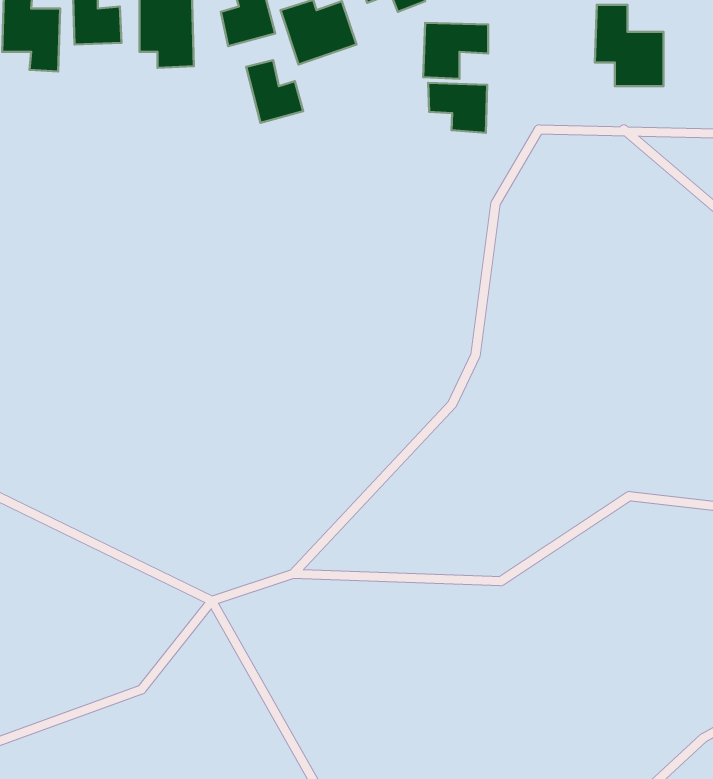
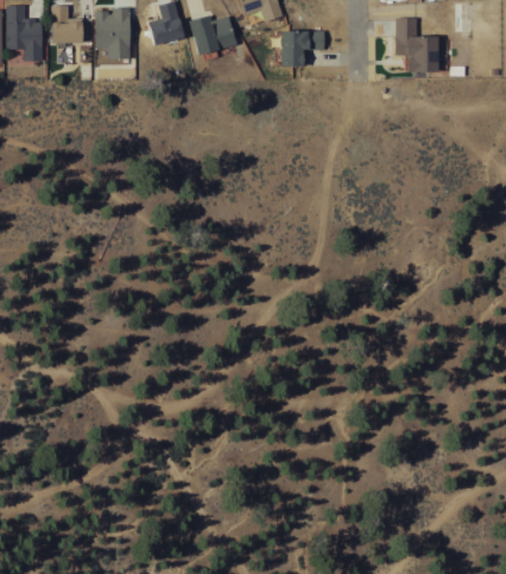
building: [246,60,303,123] -> none
building: [428,83,487,133] -> none

